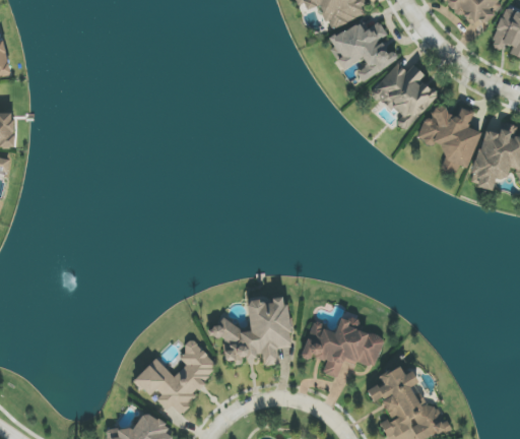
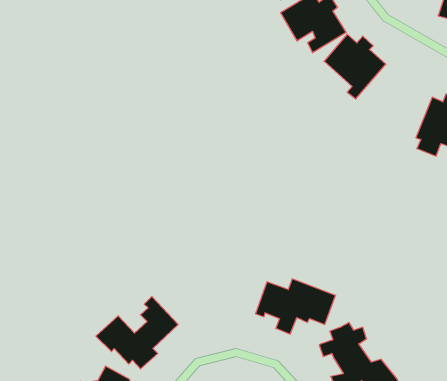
building: [419,107,476,172] -> none
building: [209,297,290,364] -> none

